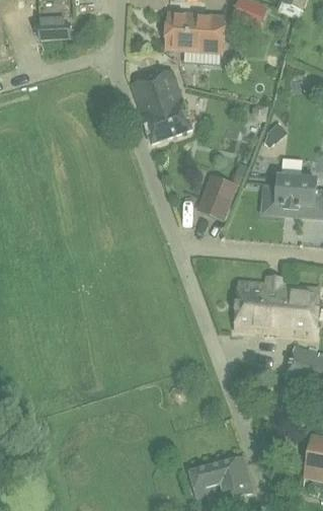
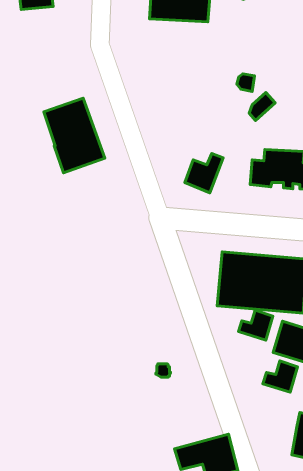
building: [132,69,191,142] -> [44,98,105,173]
building: none -> [238,310,273,340]
building: none -> [263,361,297,392]

